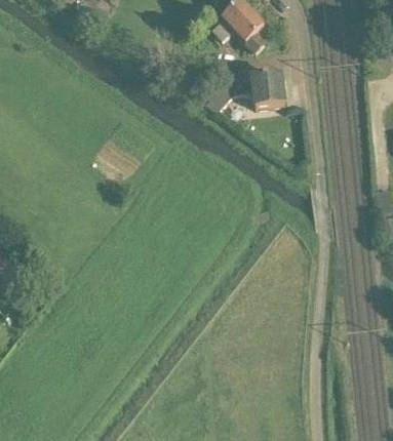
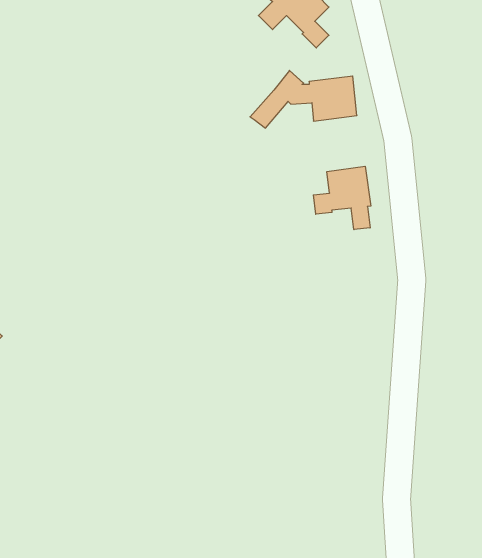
building: none -> [313,166,371,230]

